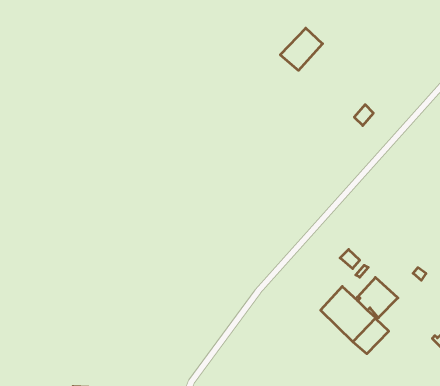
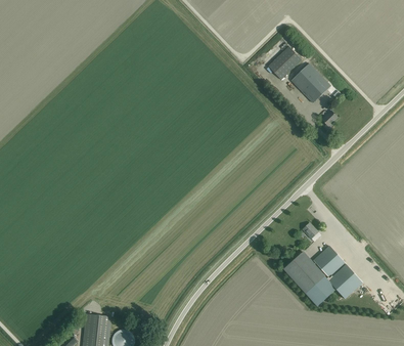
building: none -> [290,62,329,102]
building: none -> [326,263,362,298]

